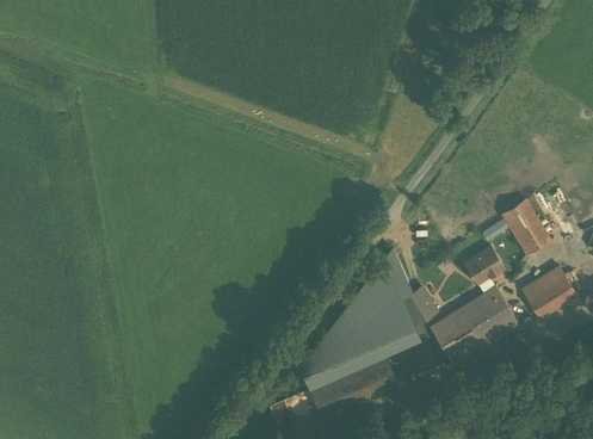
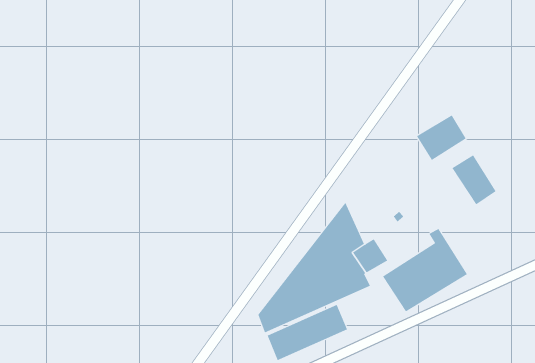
building: none -> [416,114,467,161]
building: [465,246,504,283] -> none
building: [523,265,576,315] -> none

